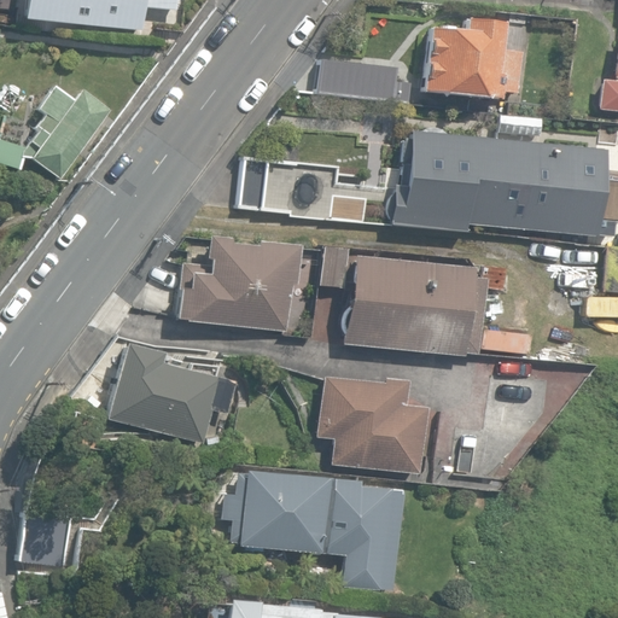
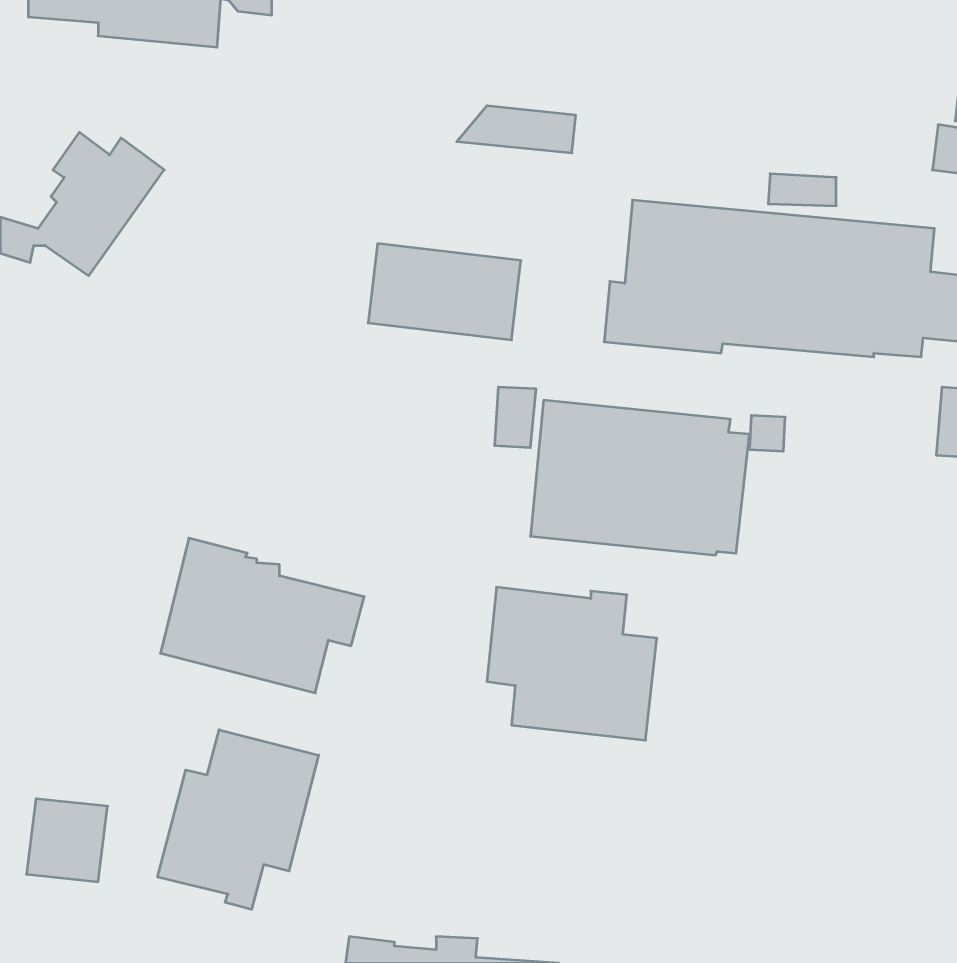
building: [426,18,524,99] -> none
building: [180,235,303,331] -> none
building: none -> [158,730,319,909]
building: [222,471,403,590] -> none

